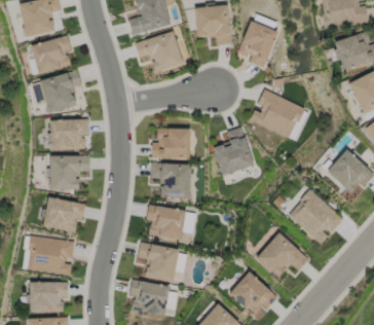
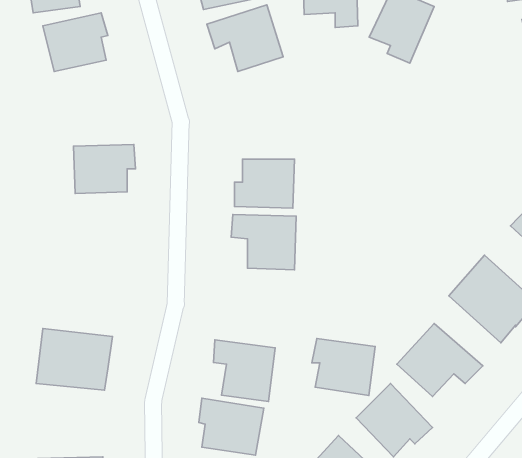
building: [39,70,82,113] -> none
building: [250,89,306,138] -> none
building: [213,127,254,176] -> none
building: [49,155,90,190] -> none
building: [43,197,85,232] -> none
building: [146,205,186,241] -> [312,339,375,395]
building: [29,281,69,313] -> none

